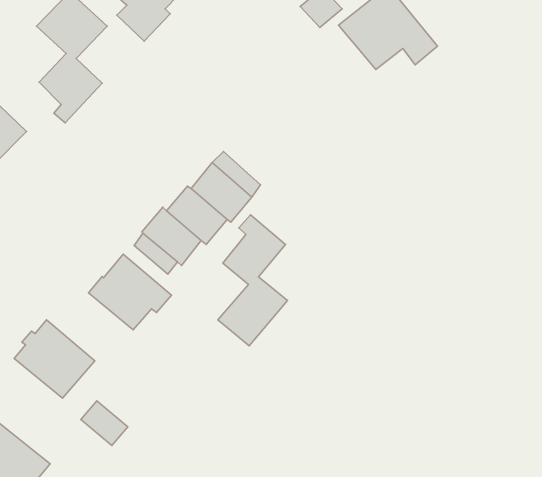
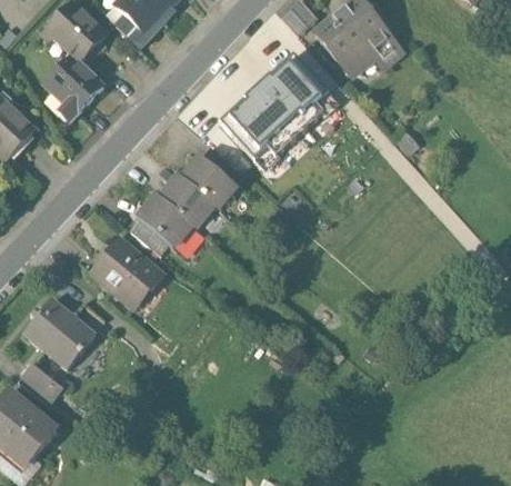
building: none -> [219,52,334,168]
building: [218,215,288,346] -> none
building: [81,401,128,445] -> [19,363,61,403]

